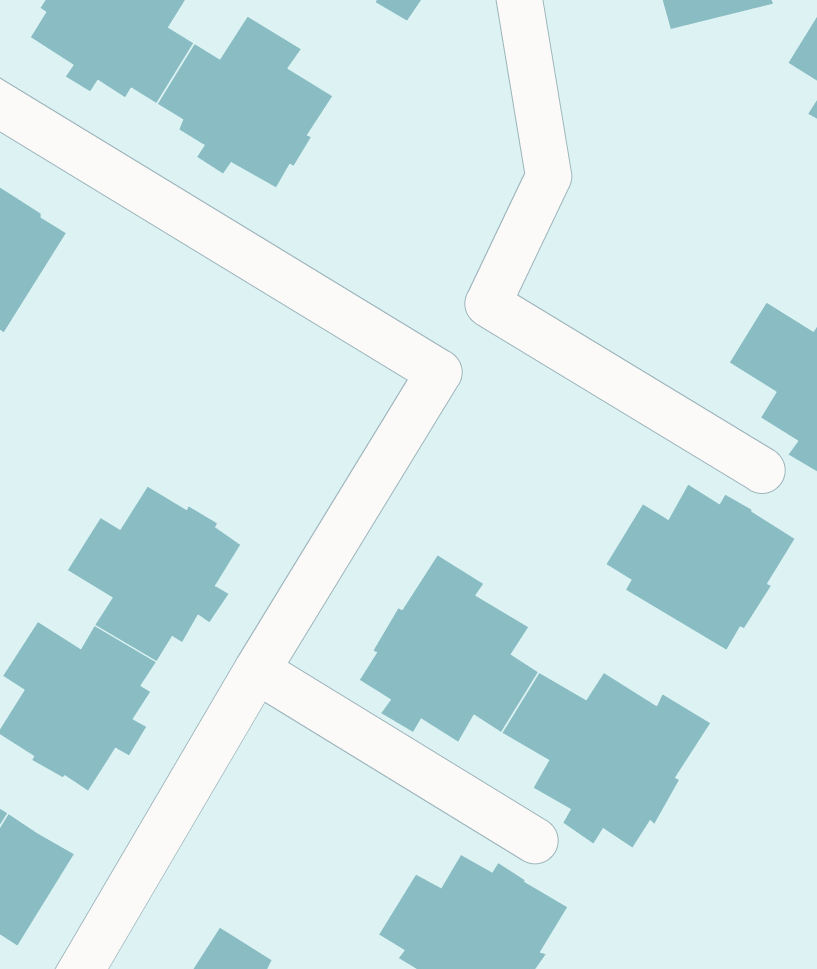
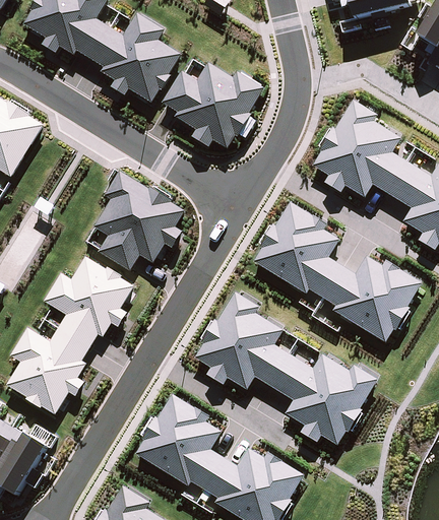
building: none -> [162,62,263,148]
building: none -> [312,100,405,197]
building: none -> [93,171,184,270]
building: none -> [253,202,341,297]
building: none -> [135,394,224,489]

